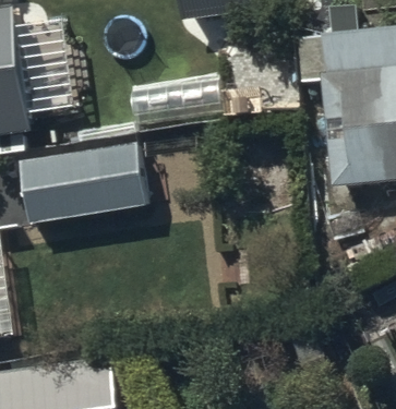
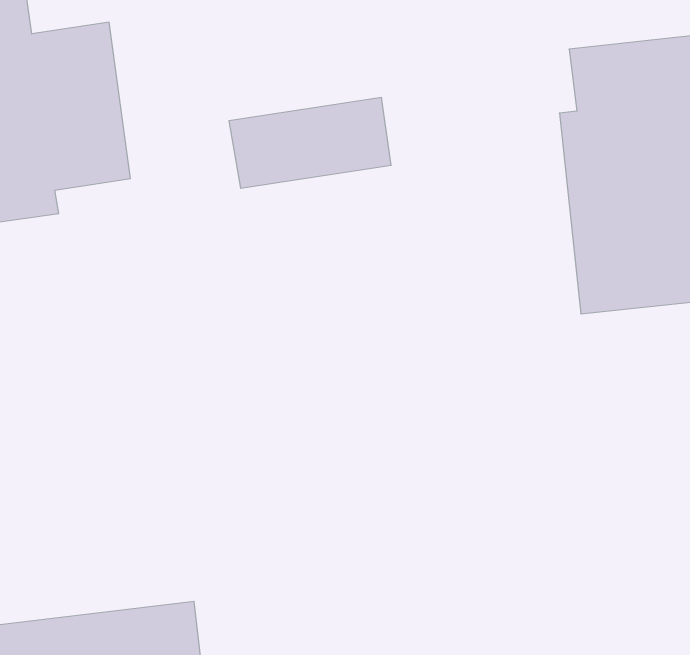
building: [19,136,145,220] -> none

